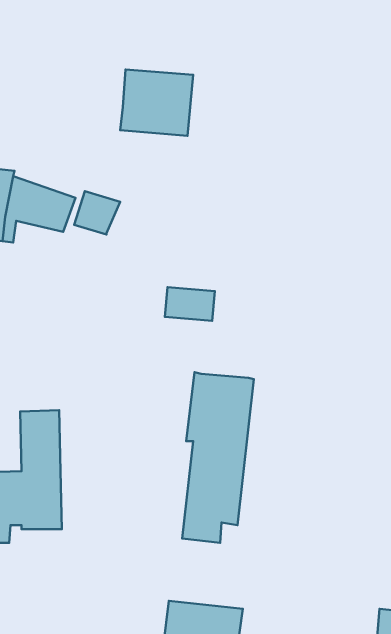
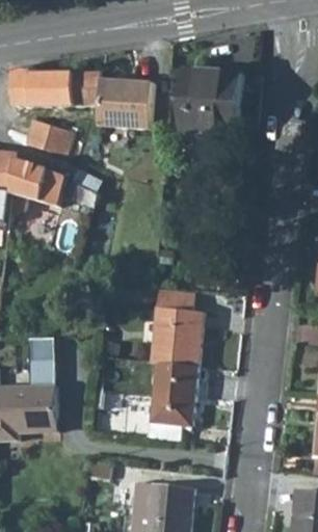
building: none -> [12,62,105,106]
building: none -> [179,69,243,136]
building: none -> [21,117,75,158]
building: [165,287,215,321] -> [162,288,201,314]

